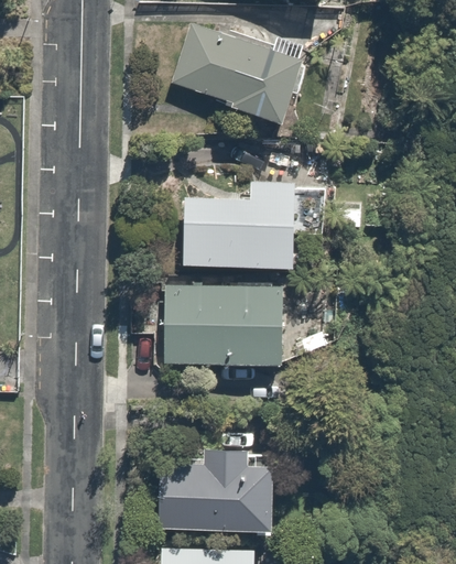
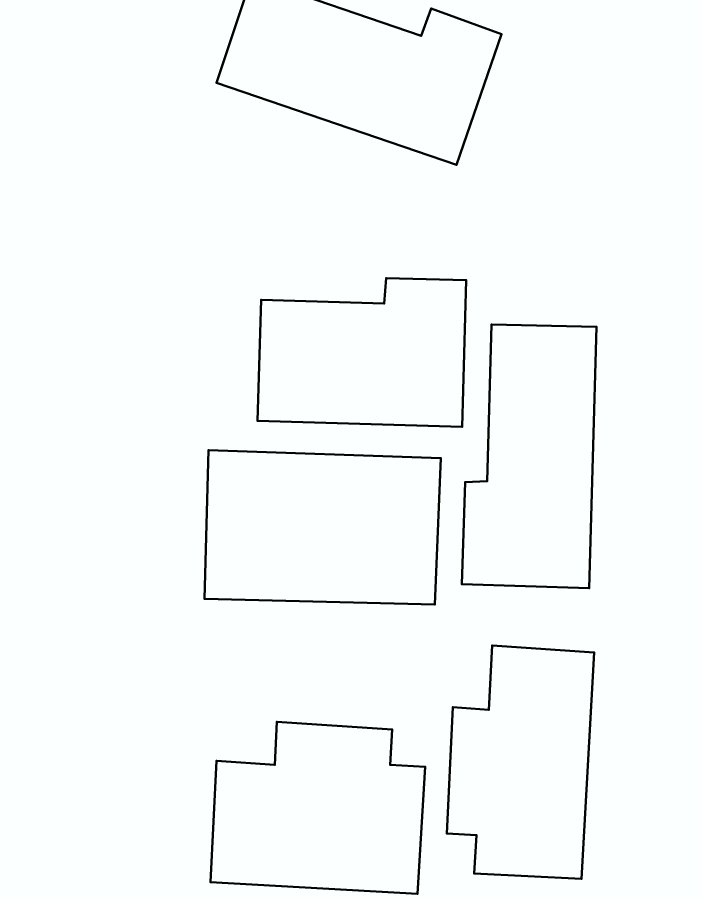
building: none -> [462,325,597,588]
building: none -> [447,646,594,879]

